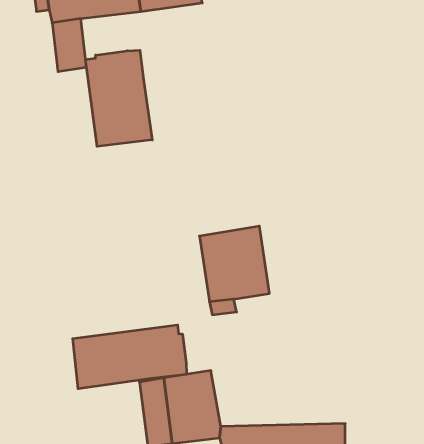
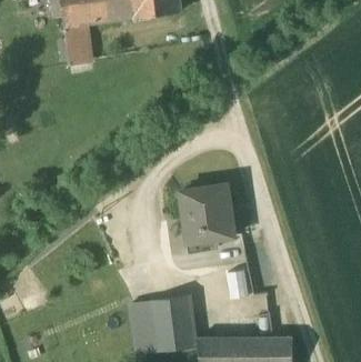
building: [86,50,152,146] -> none
building: [73,325,186,389] -> none

